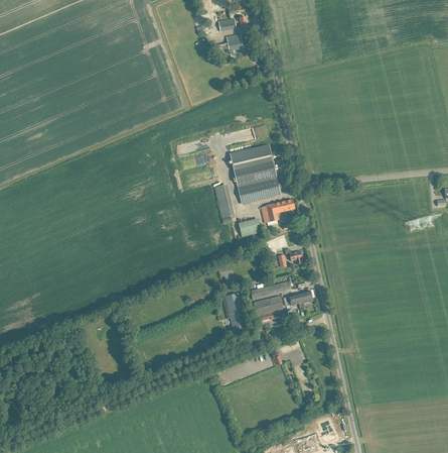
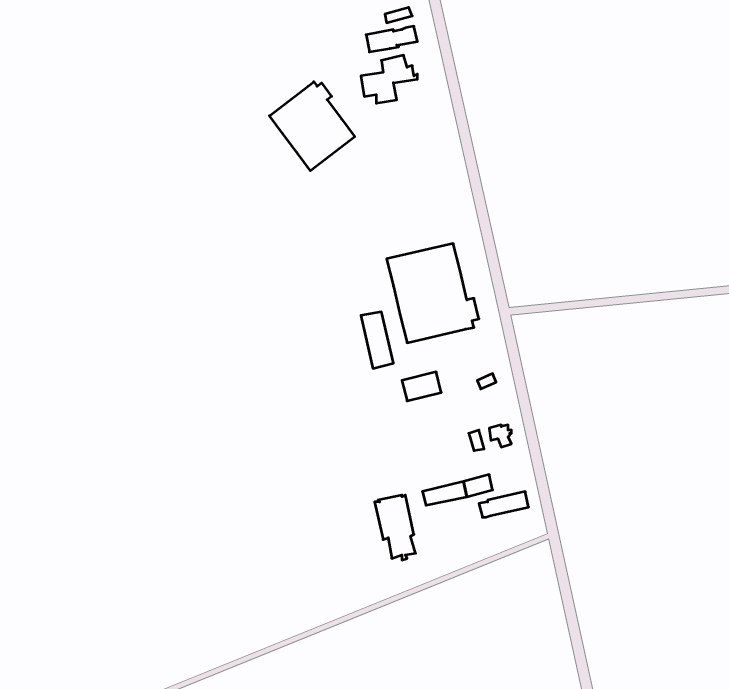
building: none -> [269,82,355,171]
building: [261,199,294,222] -> none
building: [253,296,284,322] -> none

